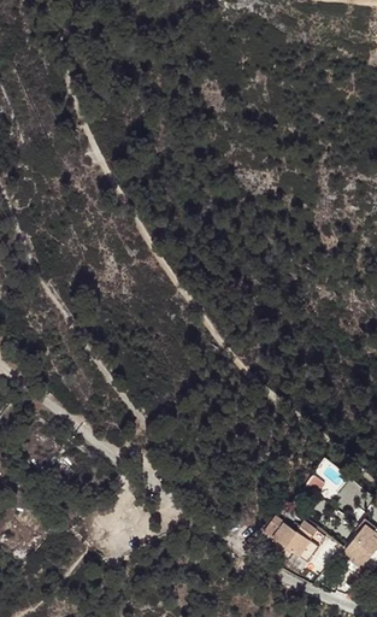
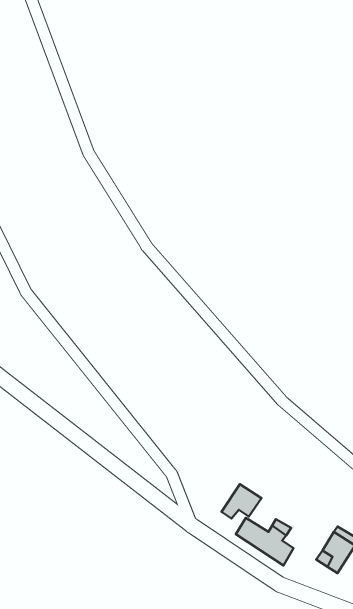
building: none -> [221,484,262,519]

